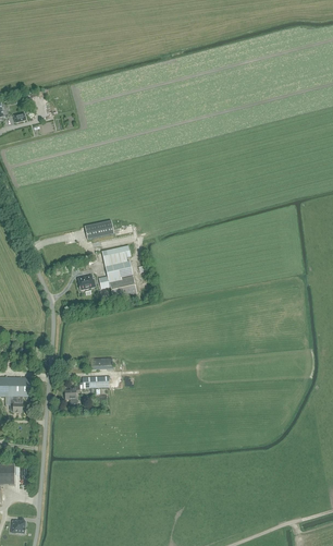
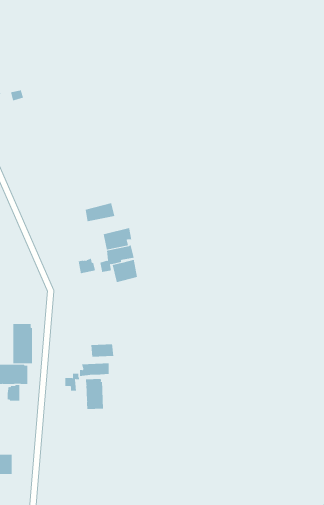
building: none -> [13,323,32,364]
building: none -> [86,378,103,410]

